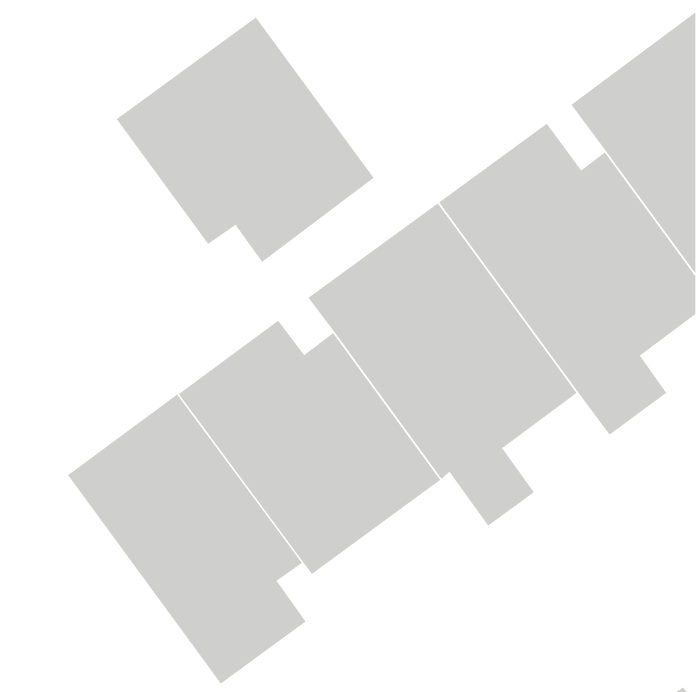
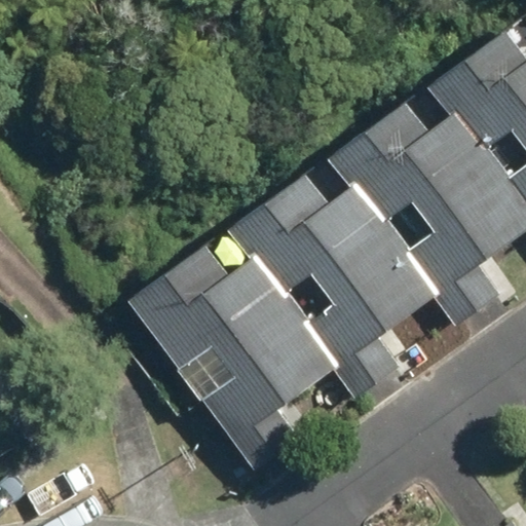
building: [116,17,375,263] -> none
building: [67,393,307,685] -> none

